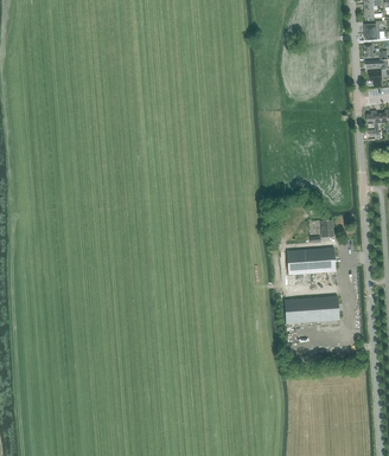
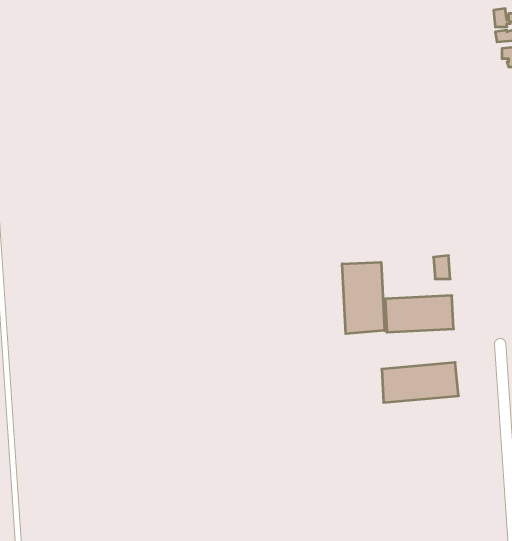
building: none -> [342,262,384,334]

